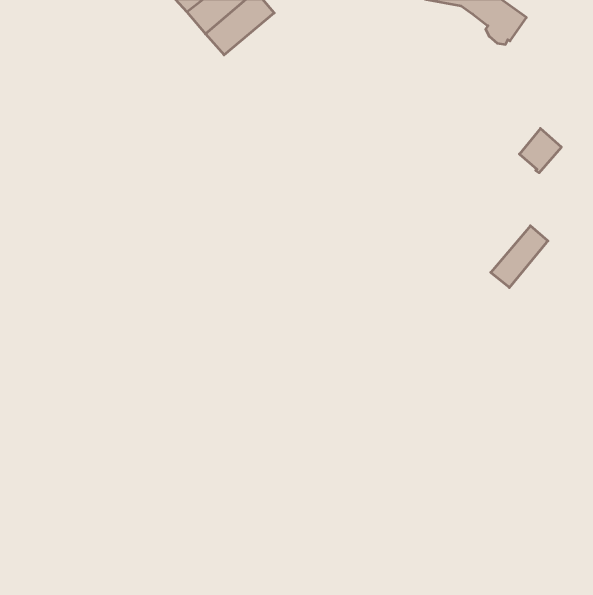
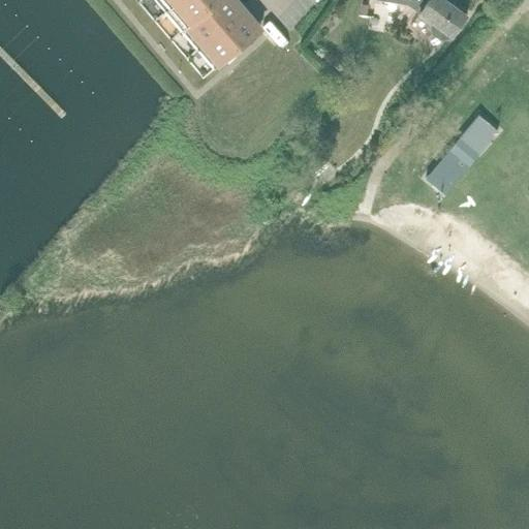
building: none -> [201,11,262,68]
building: [491,226,548,288] -> [428,136,478,191]

